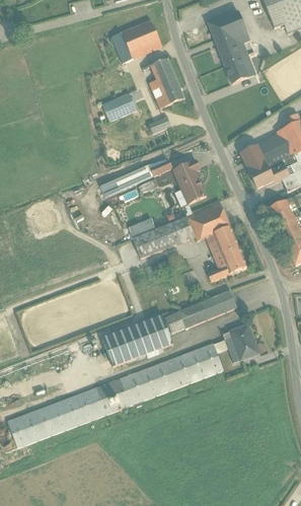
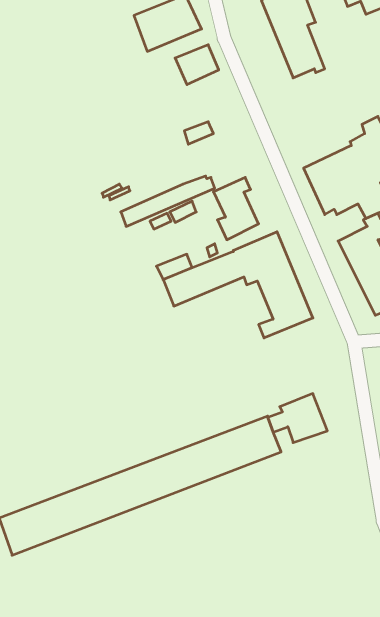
building: [151,77,184,107] -> none
building: [101,92,137,121] -> none
building: [101,289,236,367] -> none

